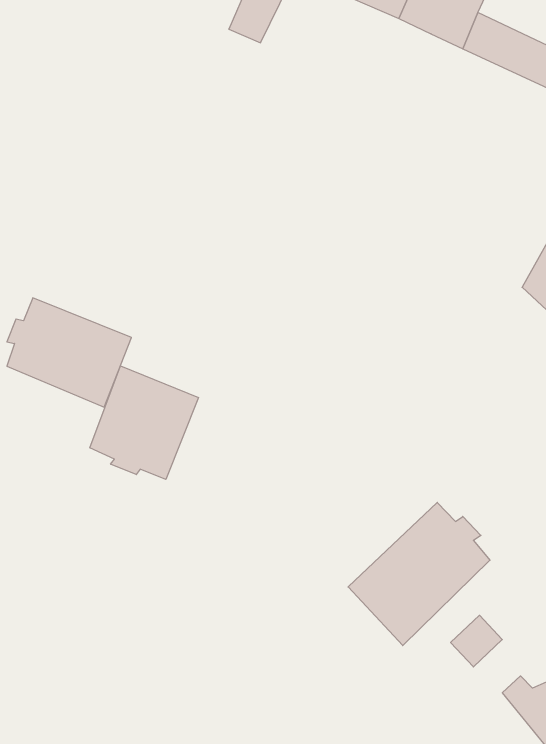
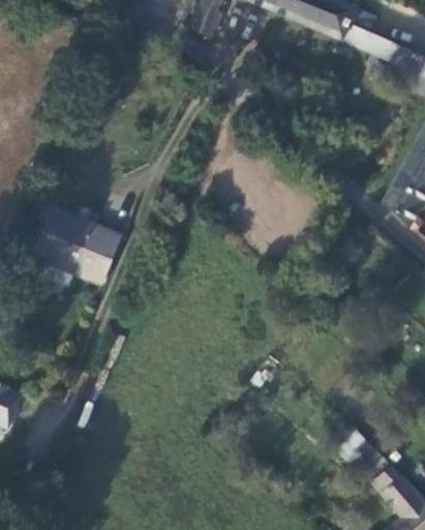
building: [90,366,199,479] -> none
building: [348,502,490,646] -> none

